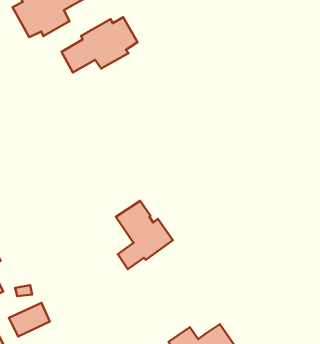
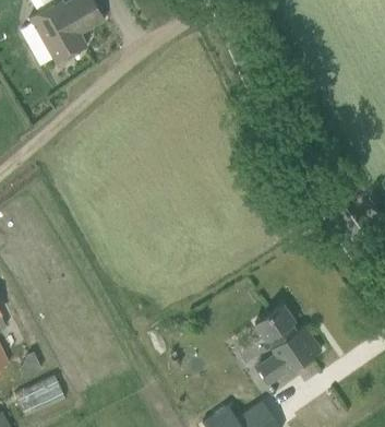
building: [61,17,138,73] -> none
building: [116,201,173,269] -> [254,305,321,384]

